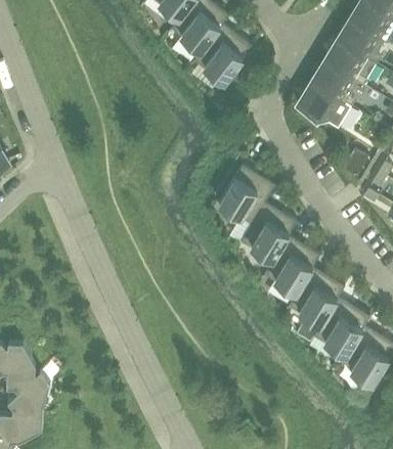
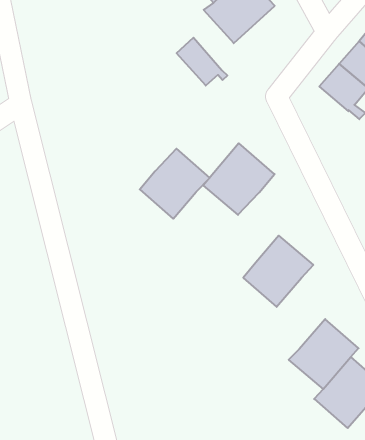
building: none -> [177,38,227,86]
building: [238,205,295,263] -> [140,149,210,219]
building: [286,269,342,328] -> none

